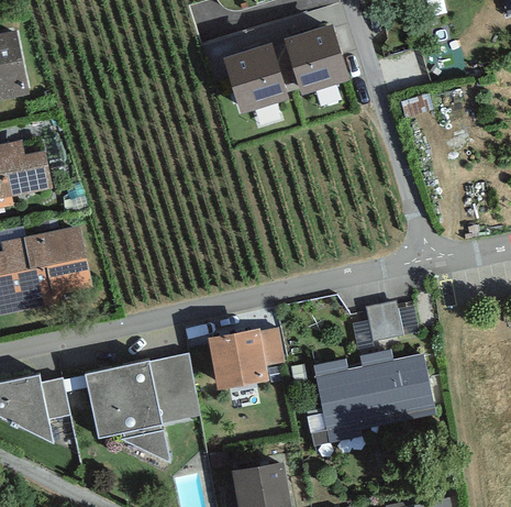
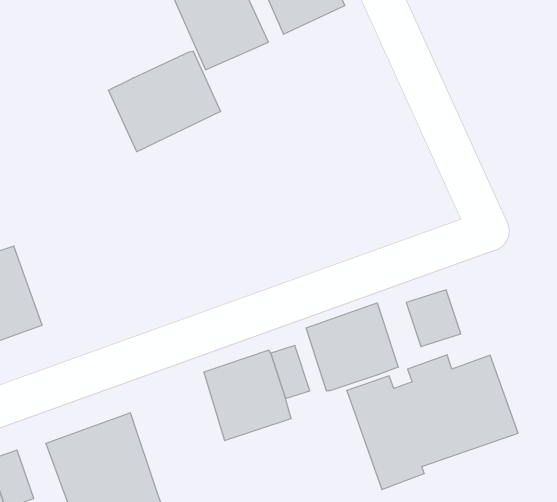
building: none -> [109,51,221,152]
building: none -> [306,303,398,391]
building: [149,353,200,422] -> none

